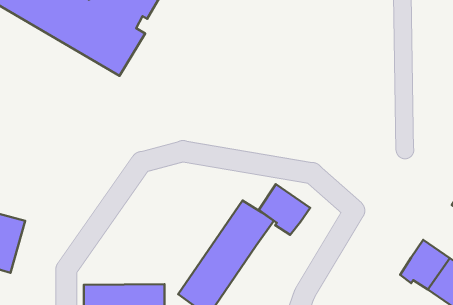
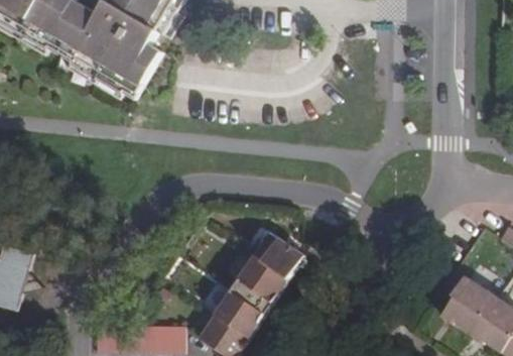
building: [259,184,310,235] -> none

